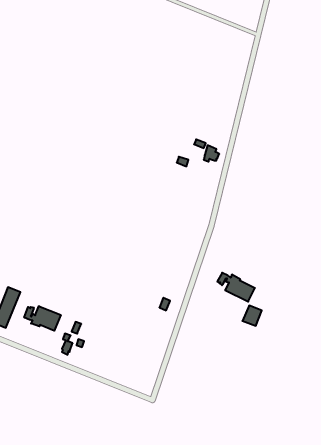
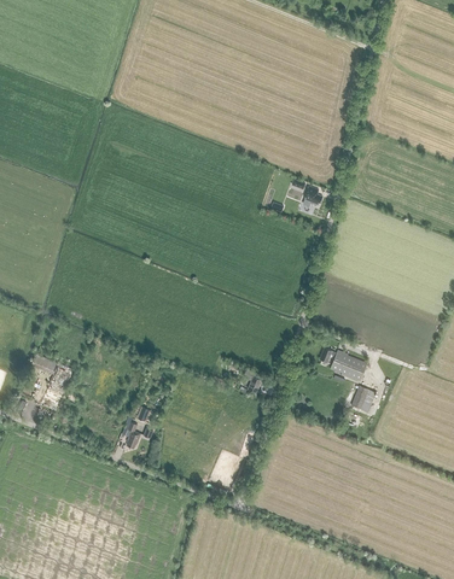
building: [24,306,61,331] -> none

